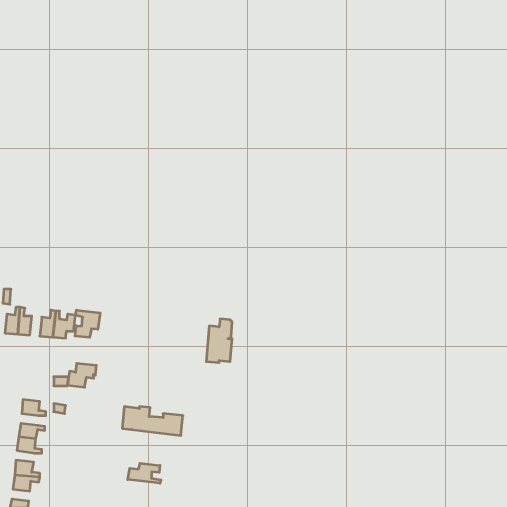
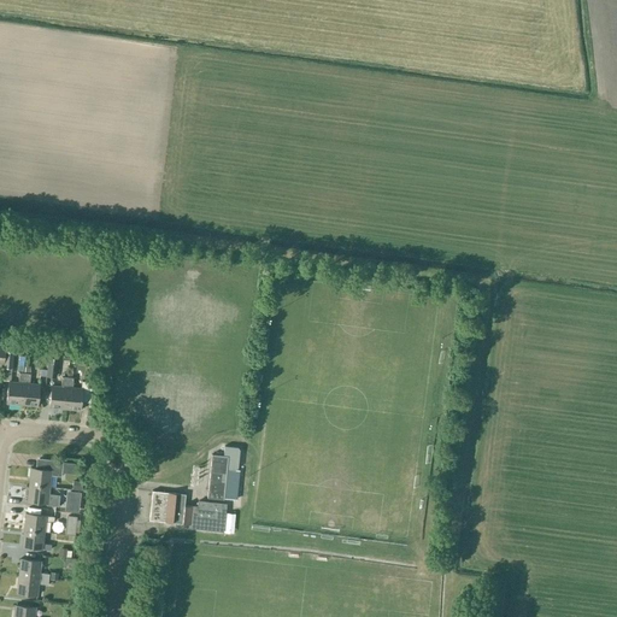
building: [75,310,100,337] -> none
building: [206,319,232,363] -> [208,447,240,500]
building: [68,363,96,387] -> [29,459,64,488]
building: [128,463,161,483] -> none

